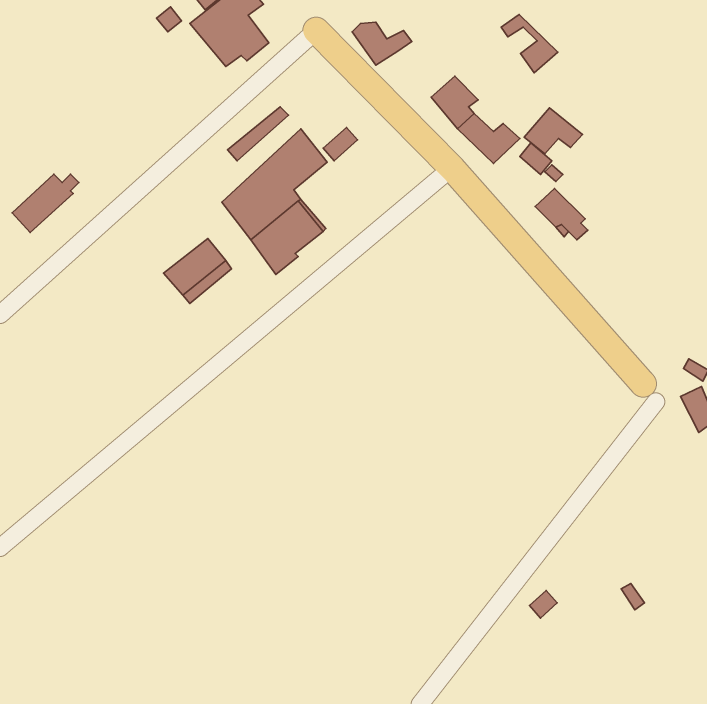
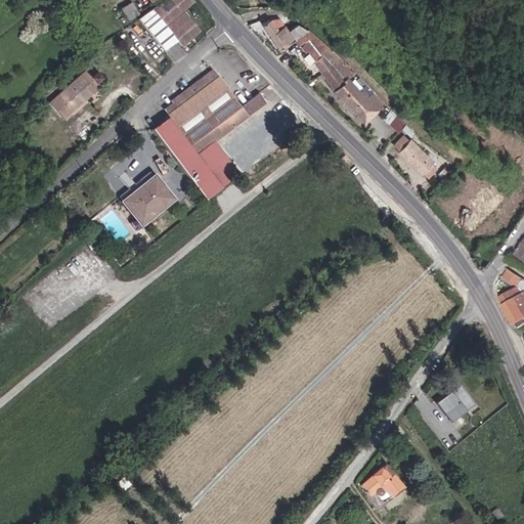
building: [501,15,558,73] -> [295,29,337,72]
building: [524,108,582,154] -> none
building: none -> [158,85,223,149]
building: [12,174,79,232] -> [50,74,99,117]
building: none -> [436,383,474,420]
building: none -> [362,463,404,501]

